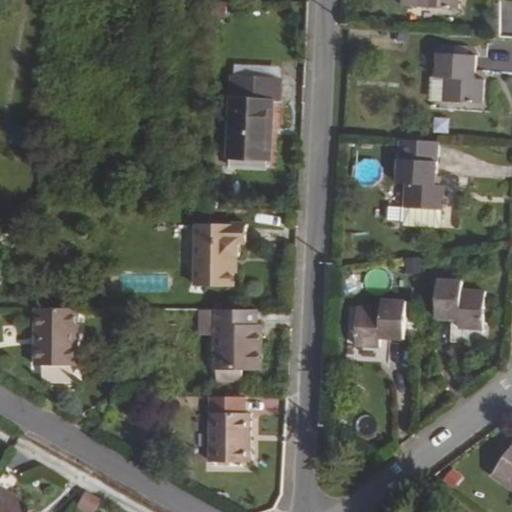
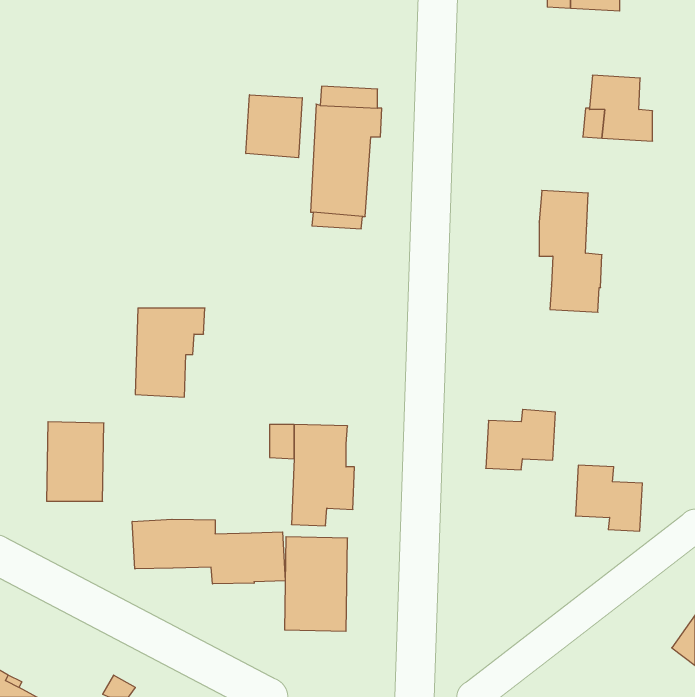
building: none -> [246,95,302,158]
building: [194,223,245,288] -> [135,308,205,397]
building: [435,280,484,328] -> [575,465,642,531]
building: none -> [132,519,285,584]

